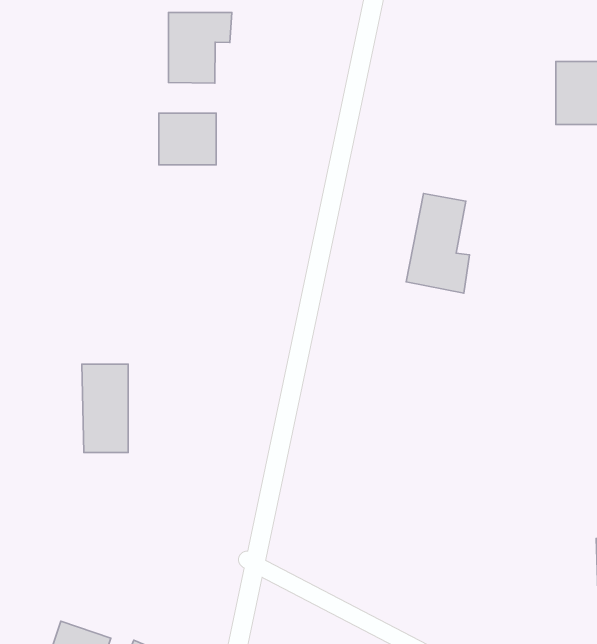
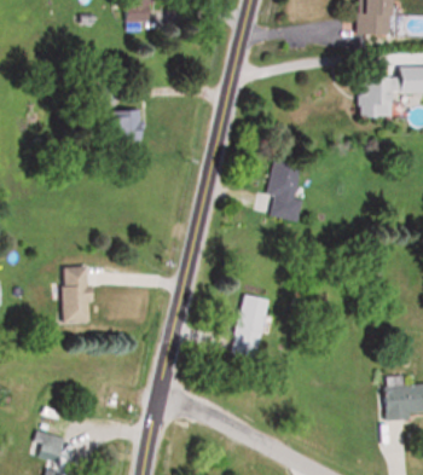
building: [168,12,232,83] -> none
building: none -> [236,295,271,354]

